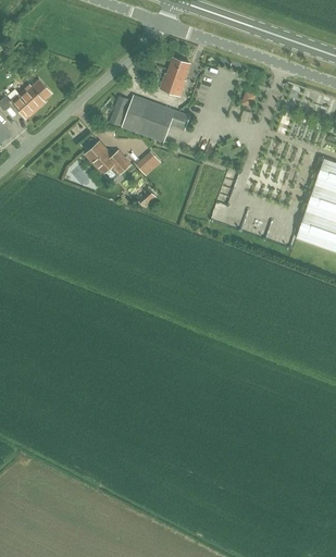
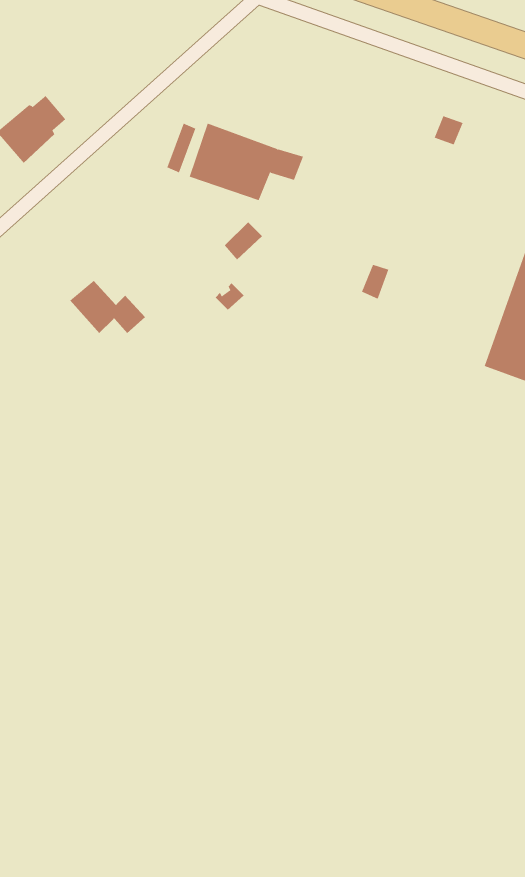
building: [160,57,190,95] -> none
building: [86,141,130,173] -> [70,280,146,334]

